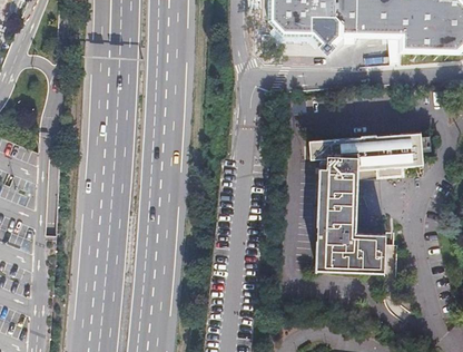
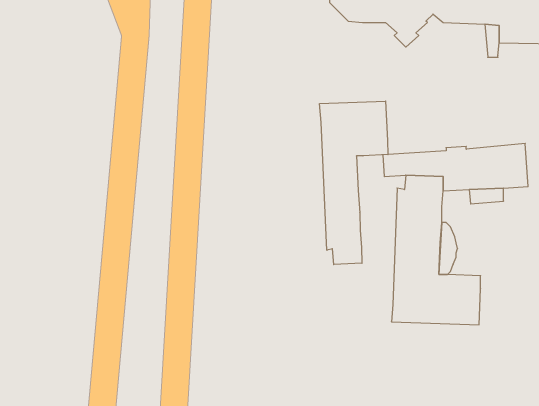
building: none -> [320,101,388,265]

